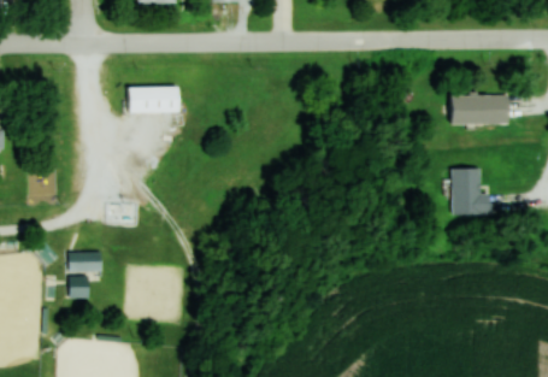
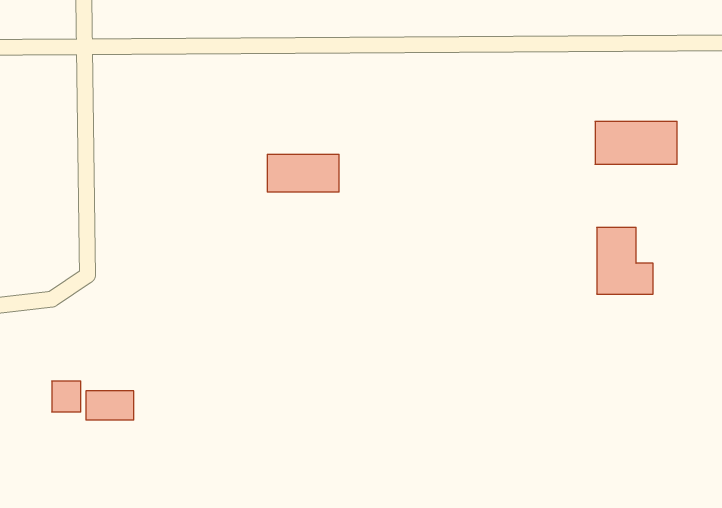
building: [129,86,179,112] -> [267,154,339,192]
building: [69,252,102,272] -> [86,391,134,420]

